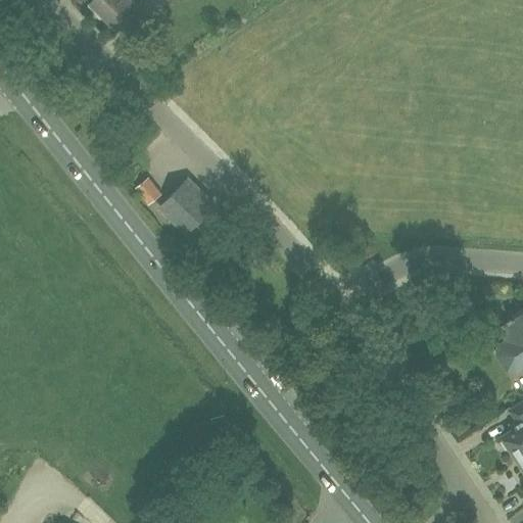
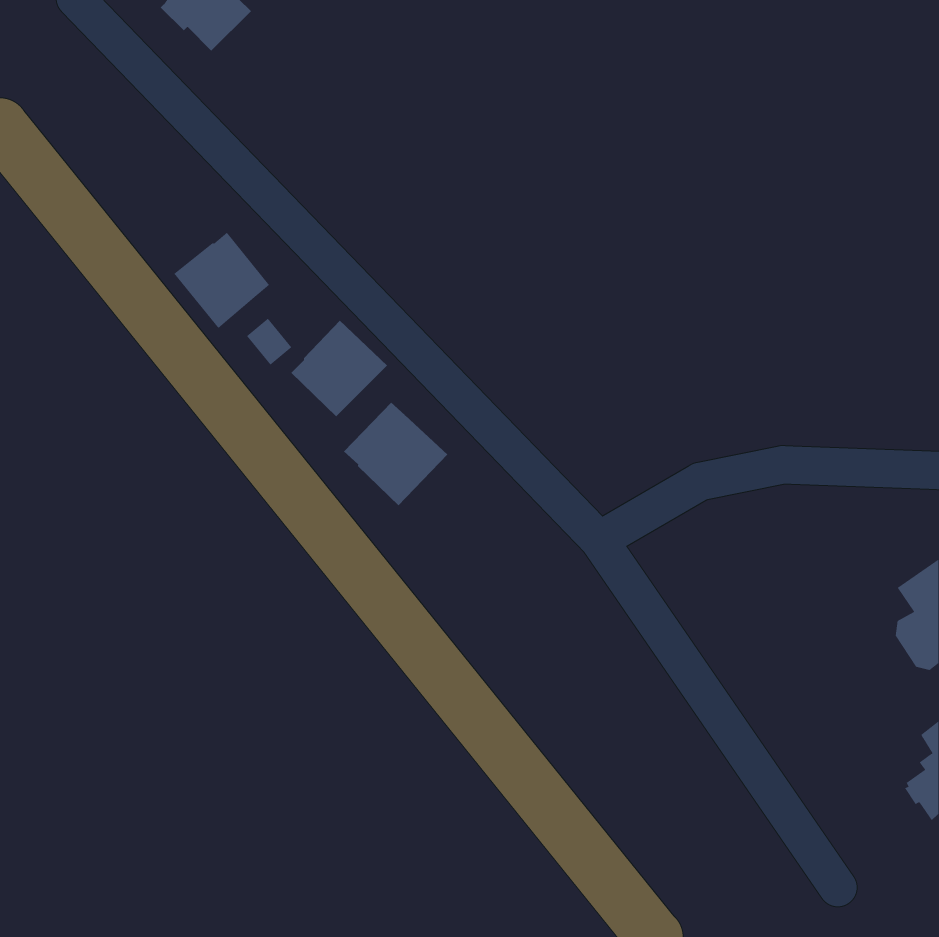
building: none -> [174,232,270,329]
building: none -> [343,402,448,506]

